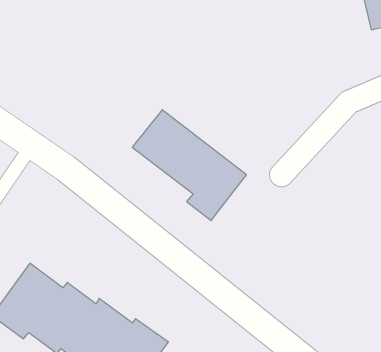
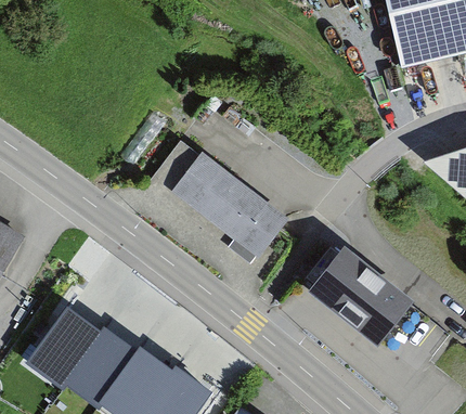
building: none -> [307,248,405,340]

